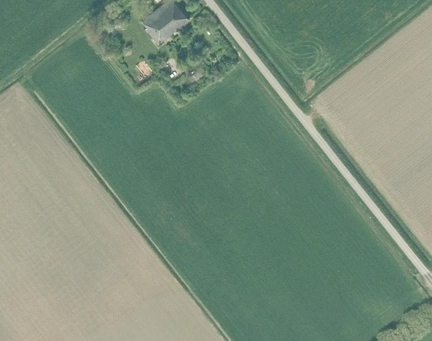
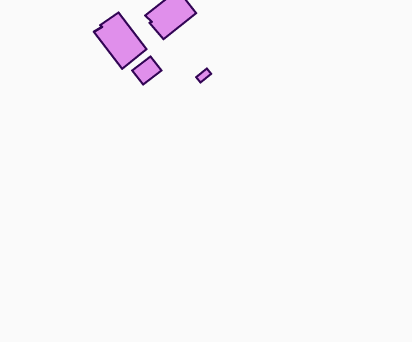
building: none -> [94,12,147,69]

